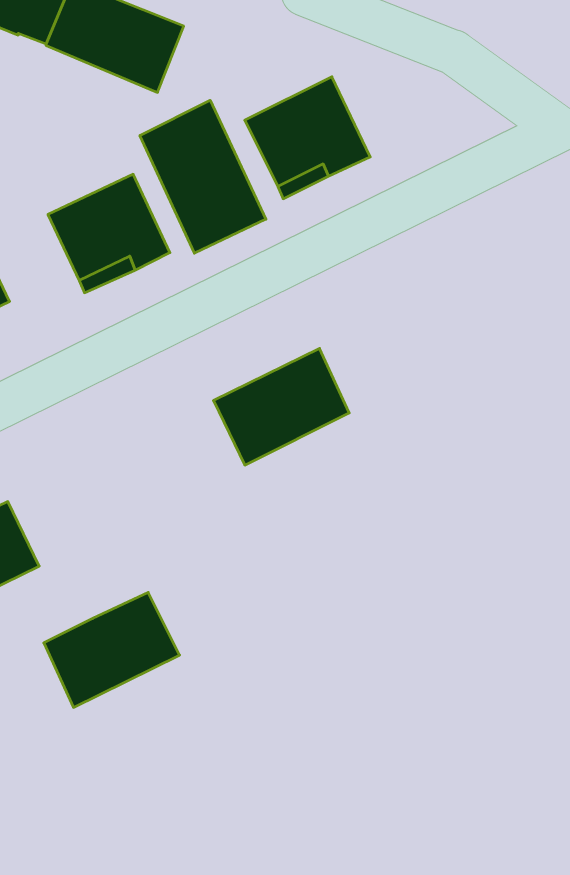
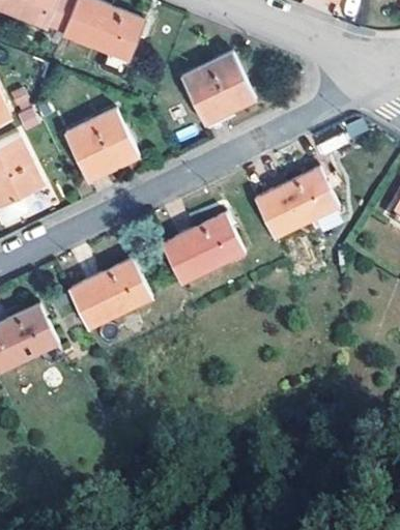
building: [140,100,266,253] -> none
building: none -> [254,169,337,238]
building: [44,592,180,707] -> [69,260,150,328]

